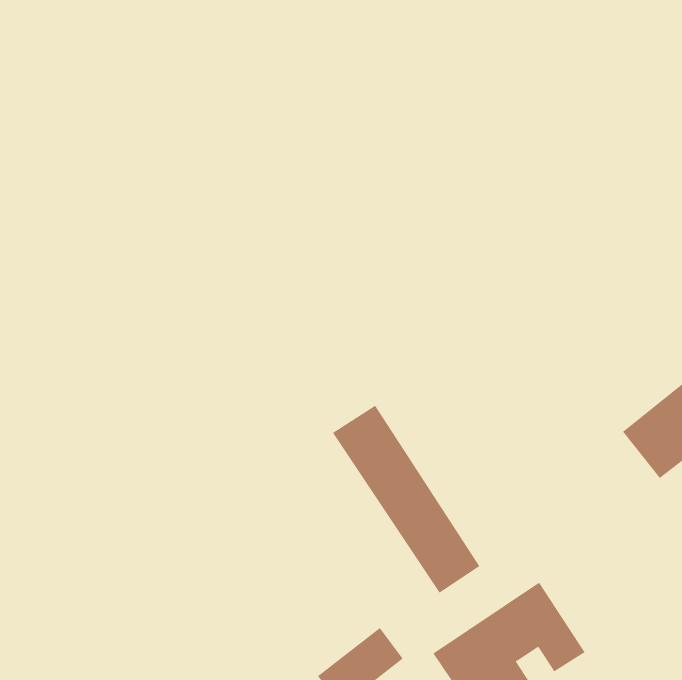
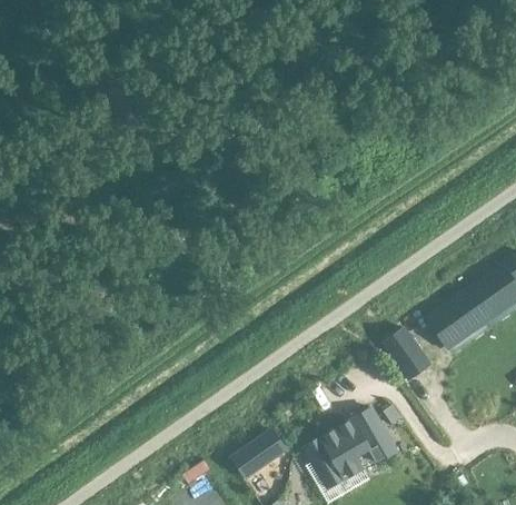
building: [332,405,480,594] -> none
building: none -> [383,328,430,379]

